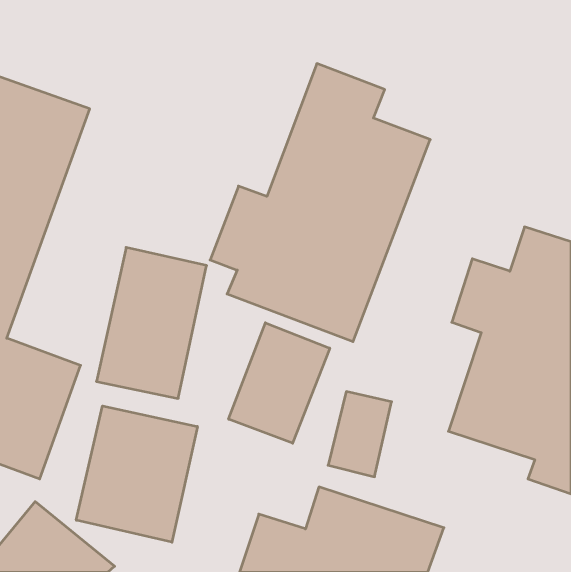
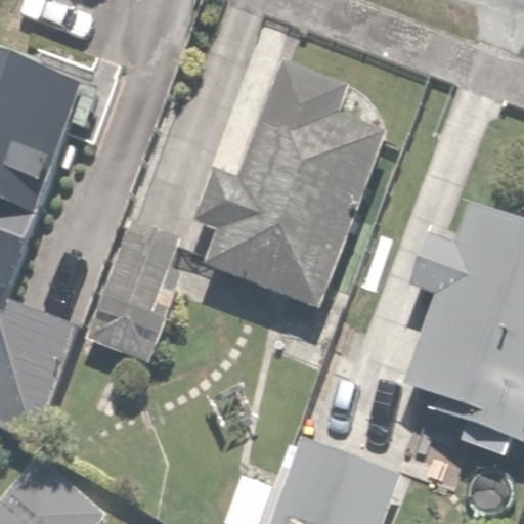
building: [229,323,330,443] -> none
building: [76,406,197,542] -> none

